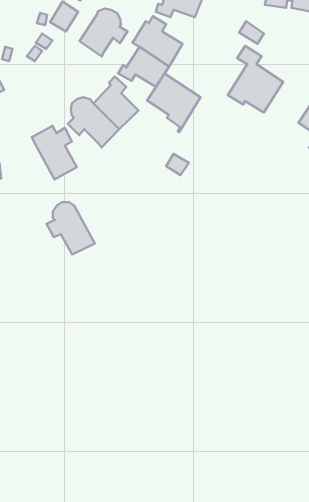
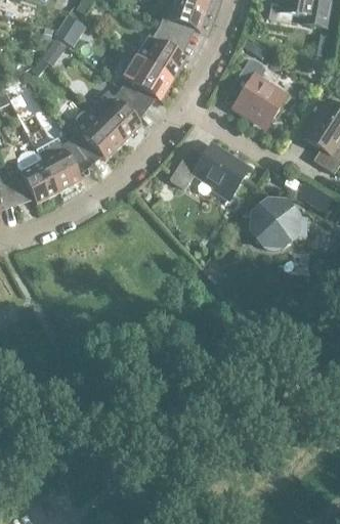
building: [80,9,127,57] -> none
building: [147,74,201,132] -> [195,144,248,203]
building: none -> [252,201,305,249]
building: [47,202,95,255] -> [11,150,59,203]

